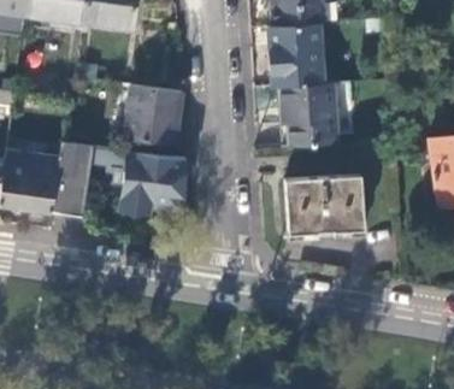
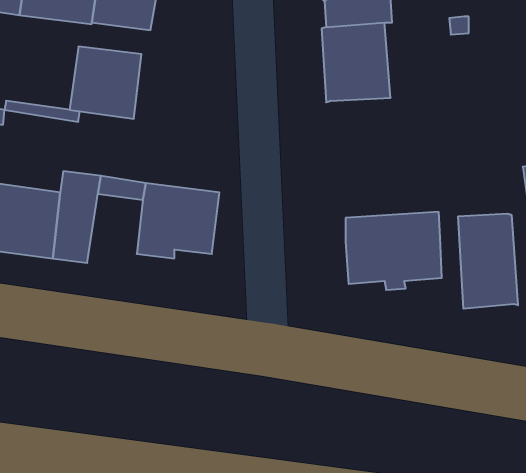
building: [275,83,341,147] -> none
building: [123,87,181,145] -> [69,47,141,119]
building: none -> [458,214,518,309]

